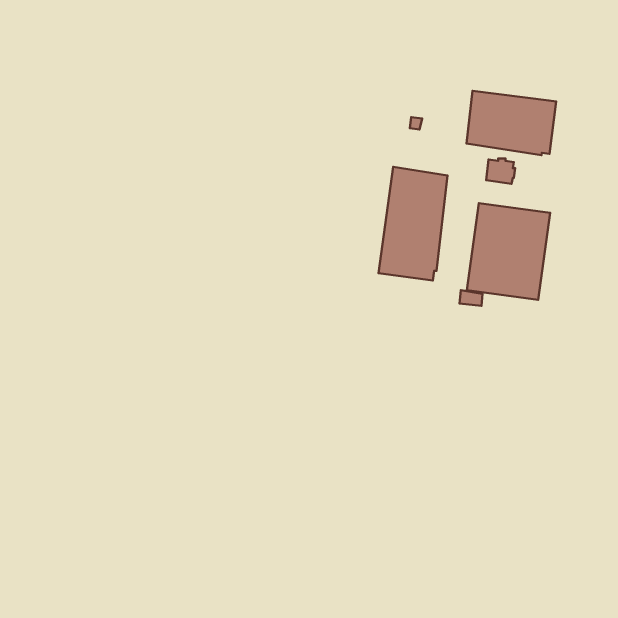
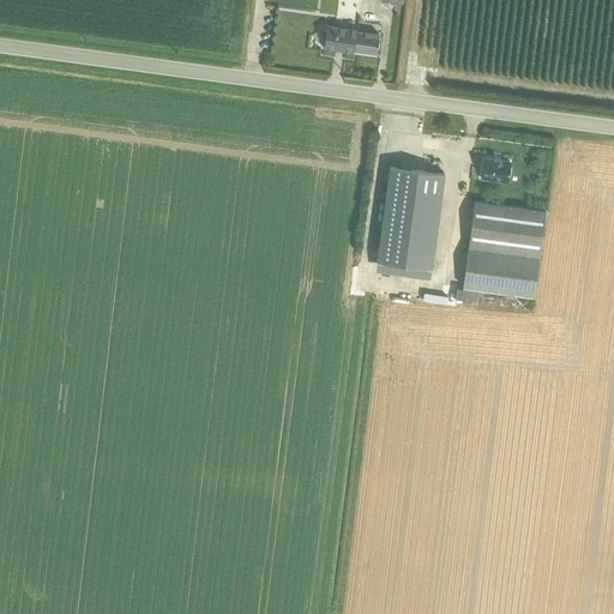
building: none -> [324,25,379,54]
building: [467,91,556,155] -> none

